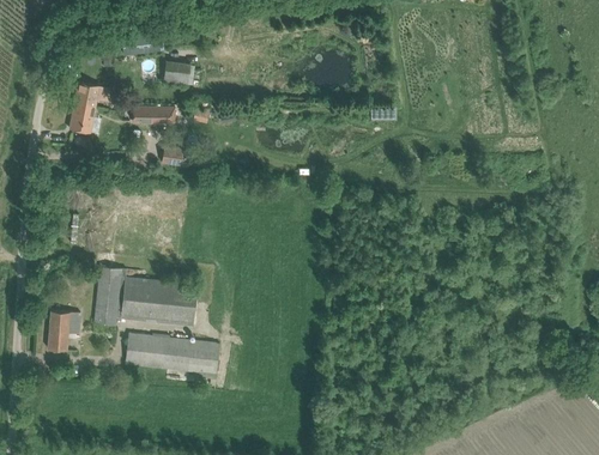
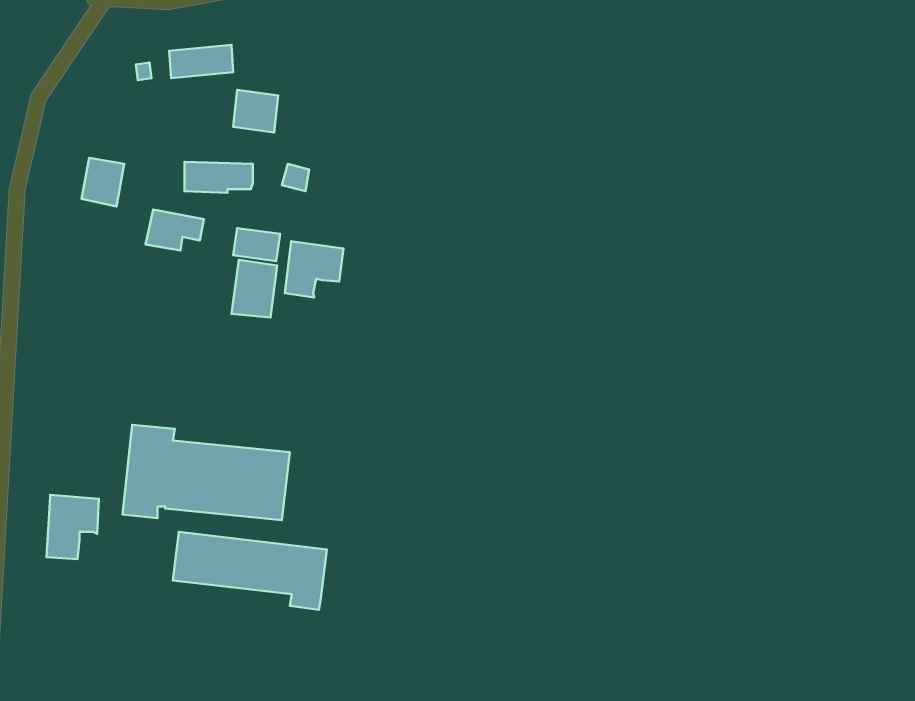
building: [73,81,109,107] -> [145,210,204,250]
building: none -> [285,241,344,297]
building: none -> [232,260,277,317]

